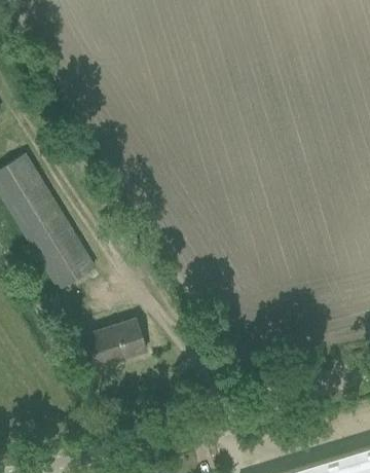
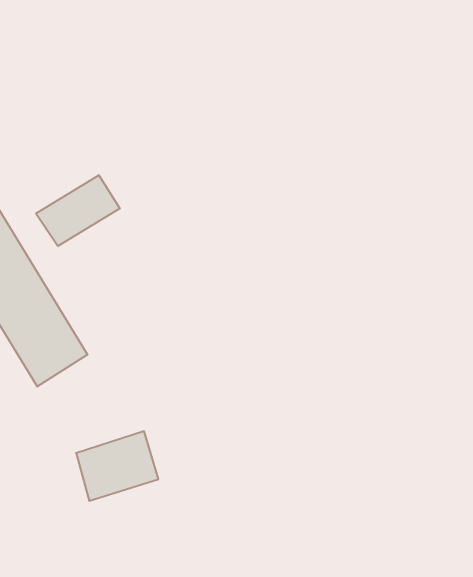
building: none -> [36,175,120,246]

